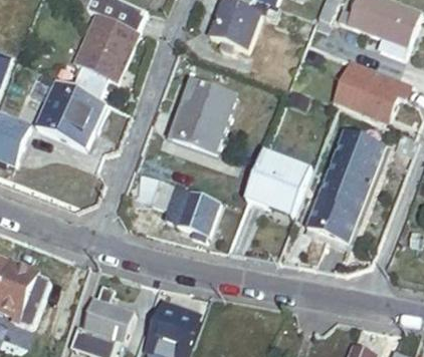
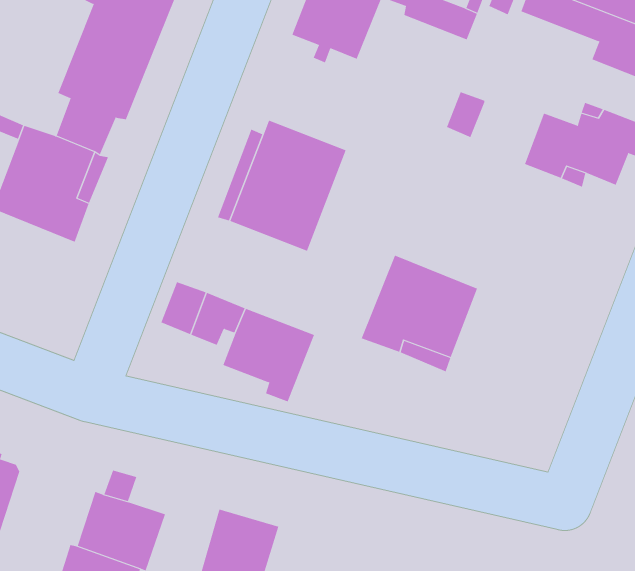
building: [311,128,389,239] -> none

